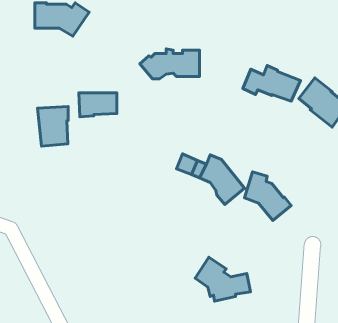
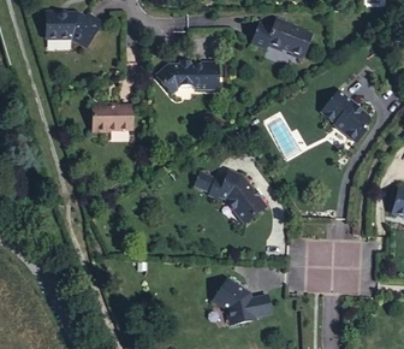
building: [243,66,300,101] -> [251,19,311,57]
building: [37,107,68,146] -> none
building: [244,172,291,220] -> none

